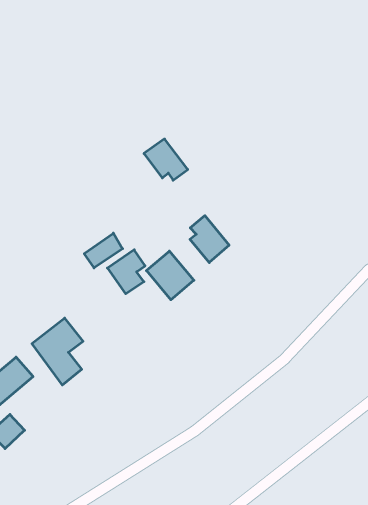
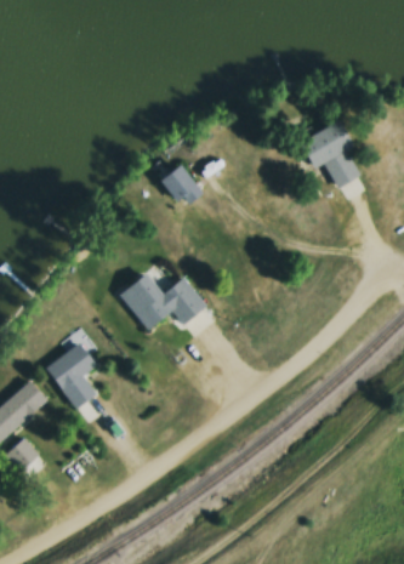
building: none -> [298,123,362,188]
building: [190,216,229,263] -> none
building: [84,233,123,268] -> none

